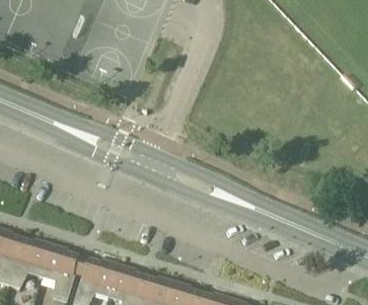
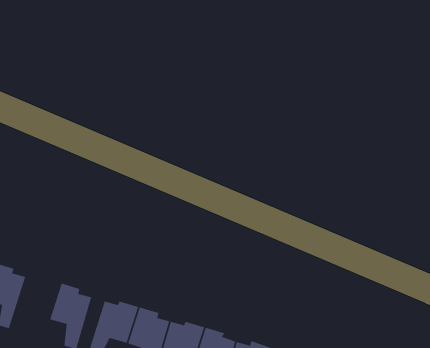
building: [9,239,53,287] -> none

